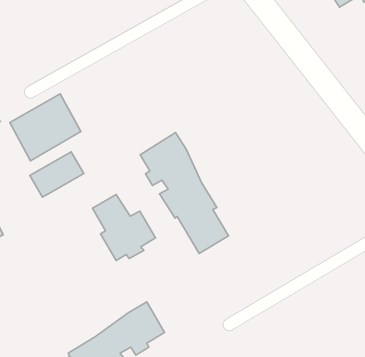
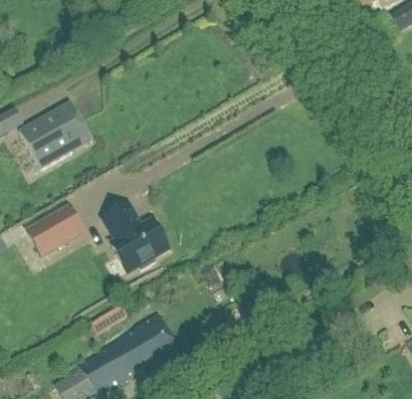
building: [140,133,228,253] -> none
building: [30,152,84,197] -> [27,203,82,249]

